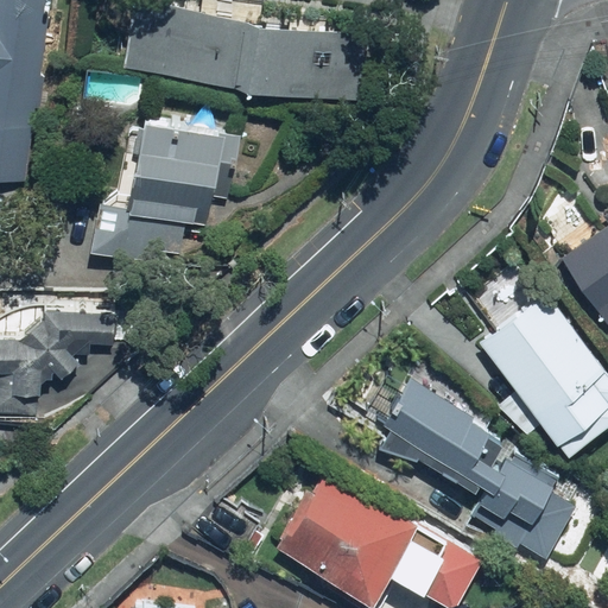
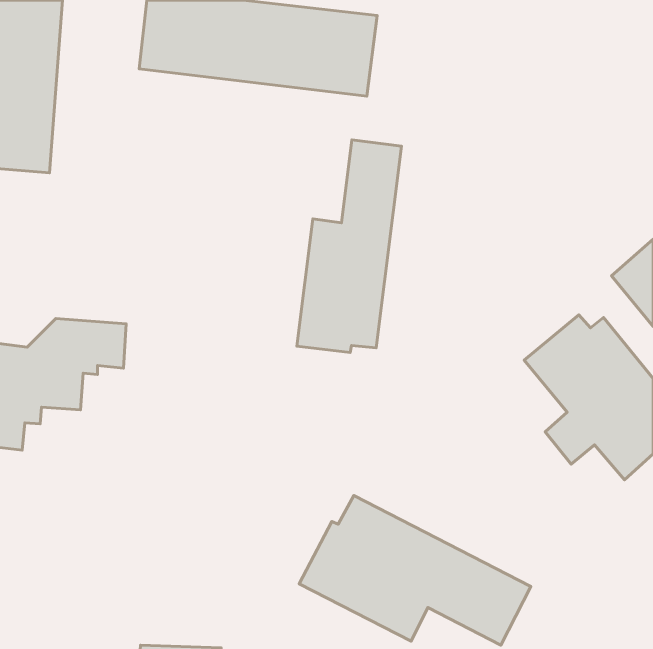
building: [90,116,241,267] -> none
building: none -> [297,140,401,353]
building: [378,385,571,559] -> none

